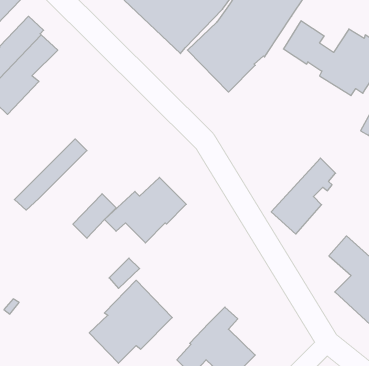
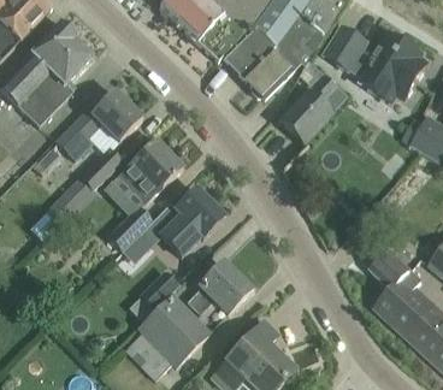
building: none -> [39,90,141,171]
building: none -> [117,138,182,203]
building: [271,158,336,234] -> [279,63,345,141]
building: none -> [185,261,250,314]

